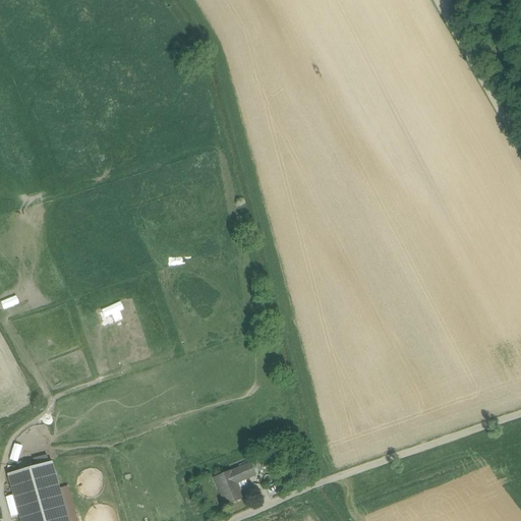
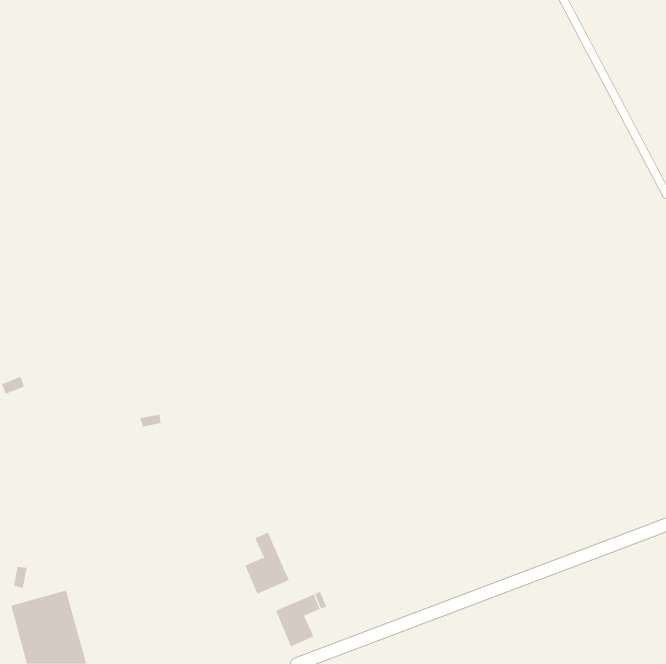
building: none -> [245,532,289,595]

